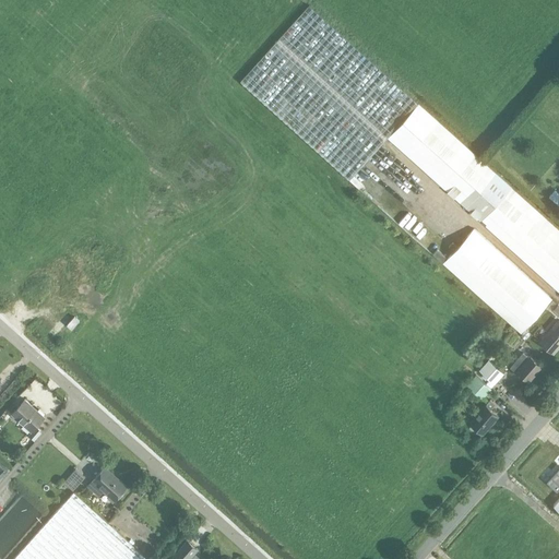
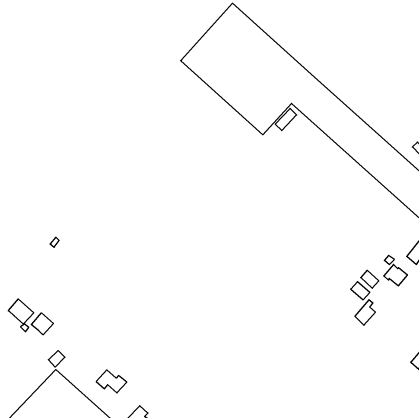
building: [443,229,552,335] -> none
building: none -> [31,313,53,335]
building: [87,472,128,502] -> [96,370,127,393]

